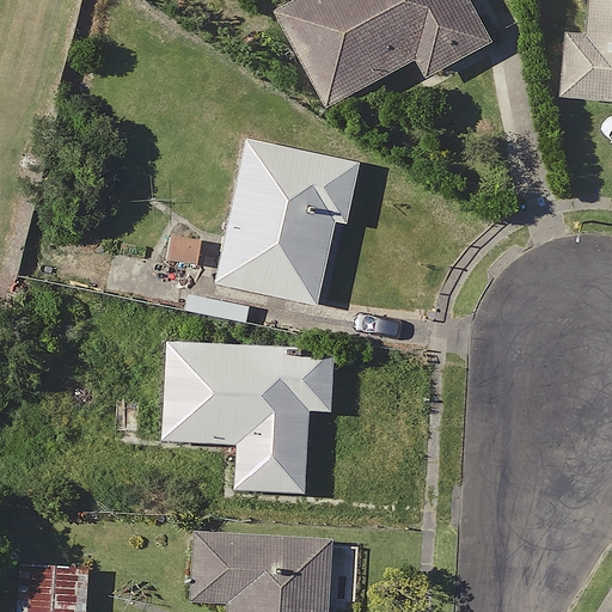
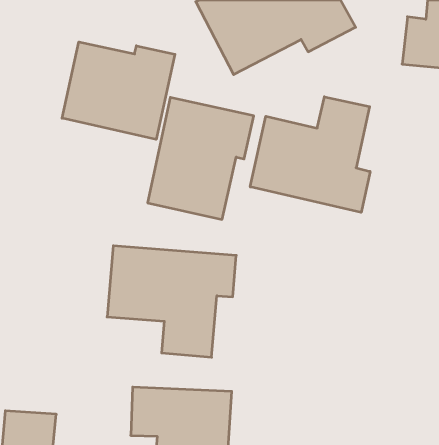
building: none -> [62,42,175,139]
building: none -> [250,97,370,212]

